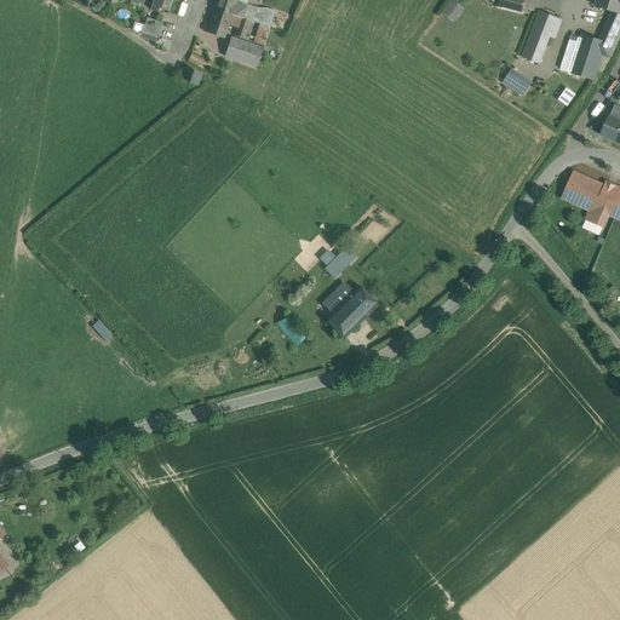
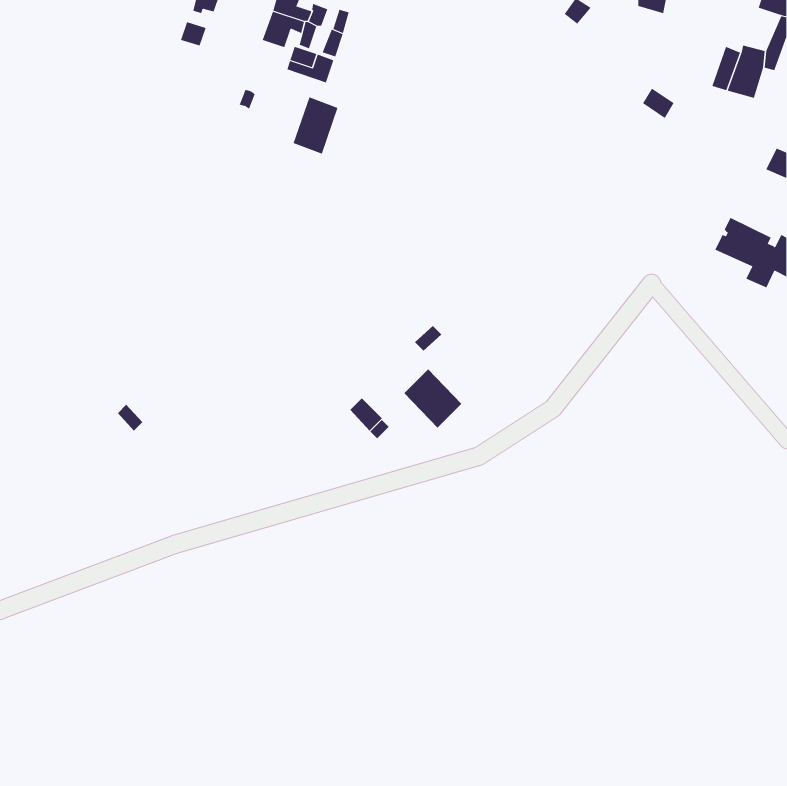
building: [523,6,564,62] -> none
building: none -> [293,97,338,154]
building: [337,283,377,317] -> none

